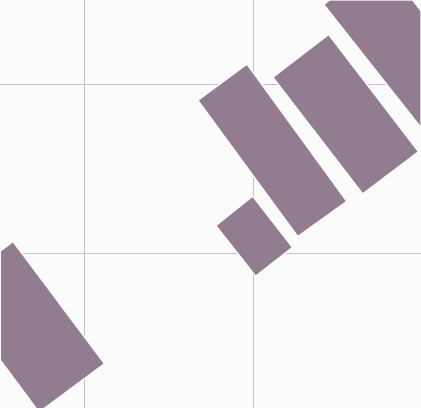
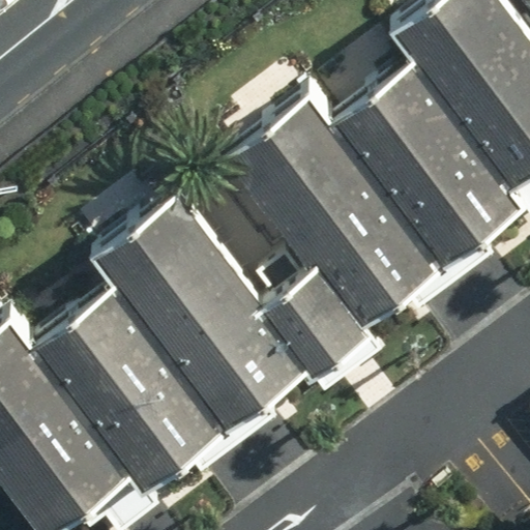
building: none -> [117,195,306,414]
building: none -> [54,278,232,477]

